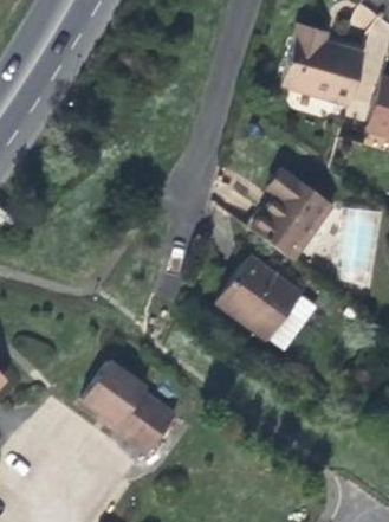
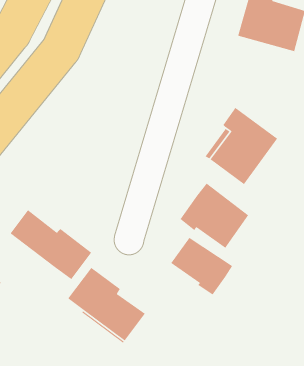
building: none -> [10,209,92,280]
building: none -> [170,237,233,295]

